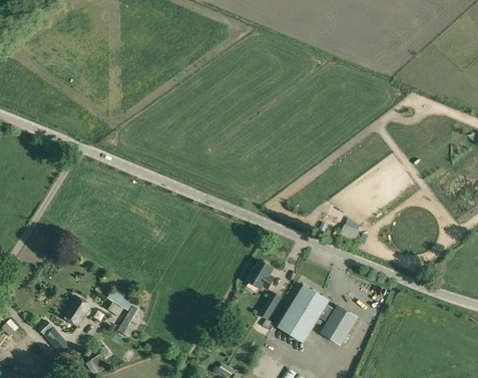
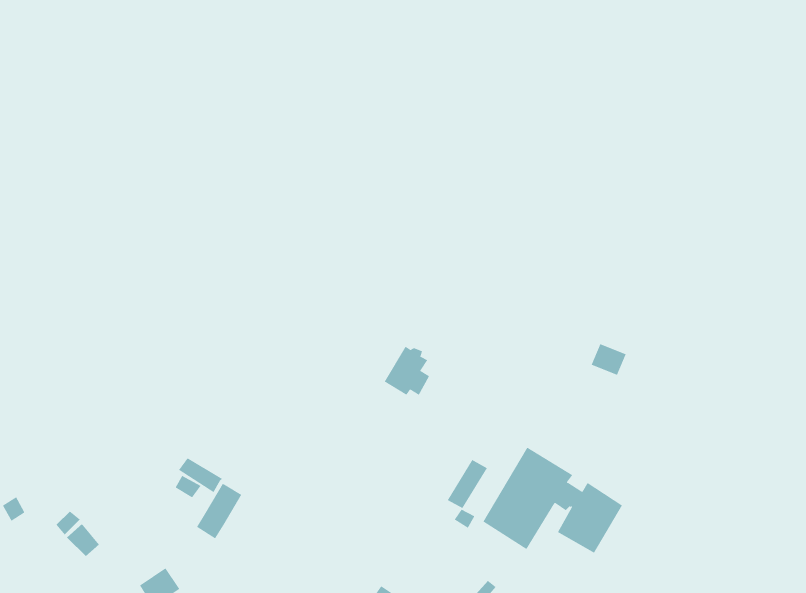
building: [247,261,273,289] -> [384,346,430,396]
building: [61,296,89,326] -> none

